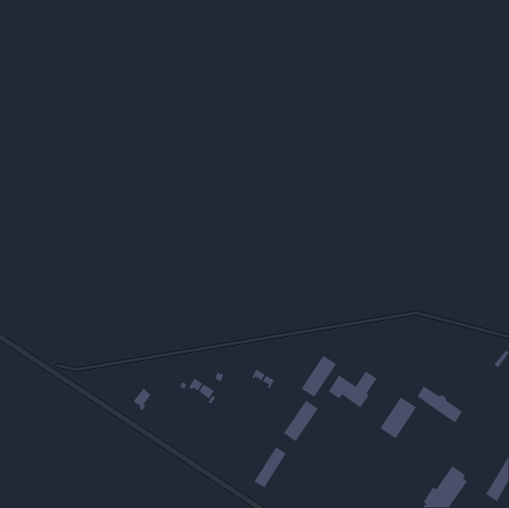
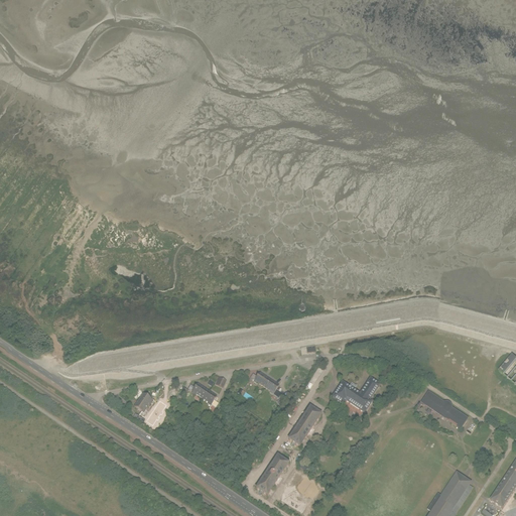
building: [301,355,337,398] -> none
building: [379,396,417,439] -> none

